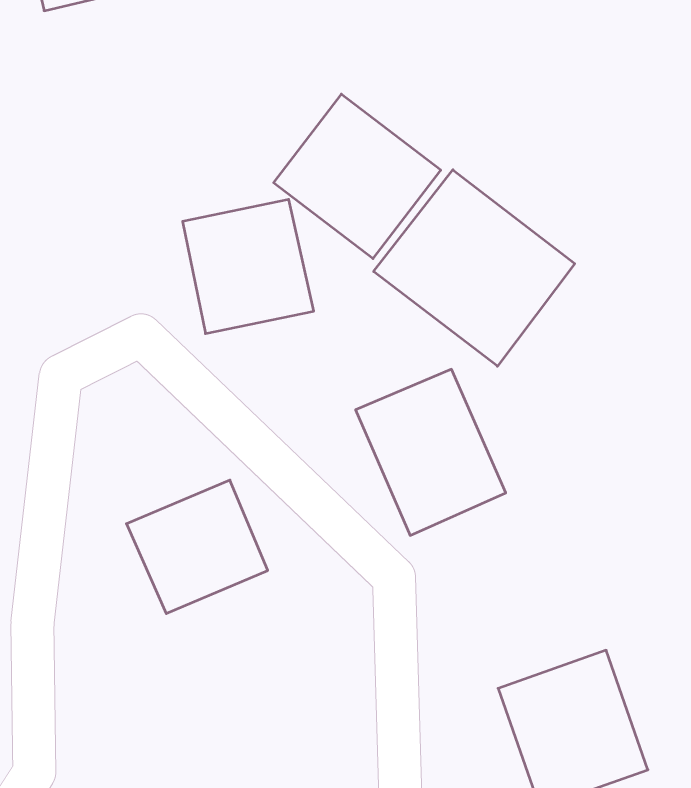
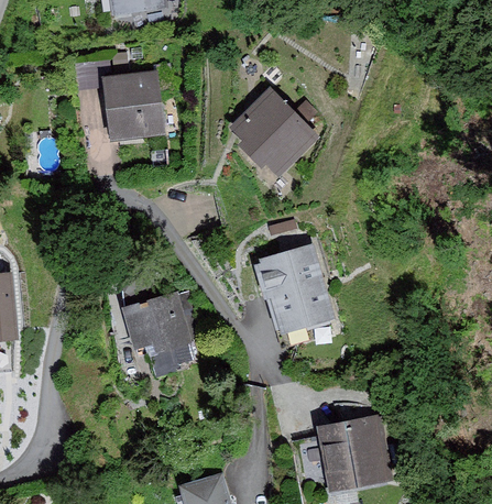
building: [374,170,575,366] -> none
building: [183,199,314,334] -> [101,72,167,140]

